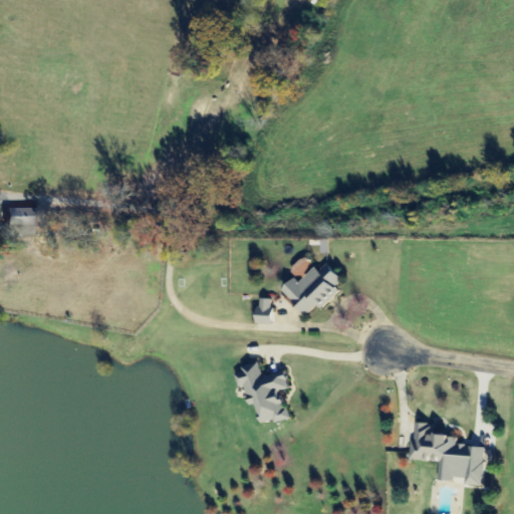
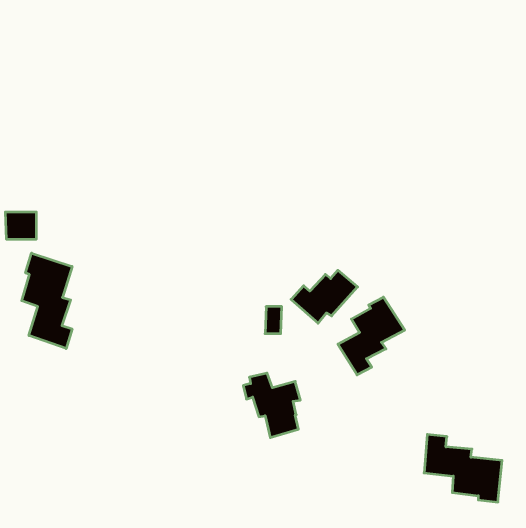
building: none -> [22,253,72,349]
building: none -> [338,297,405,375]

